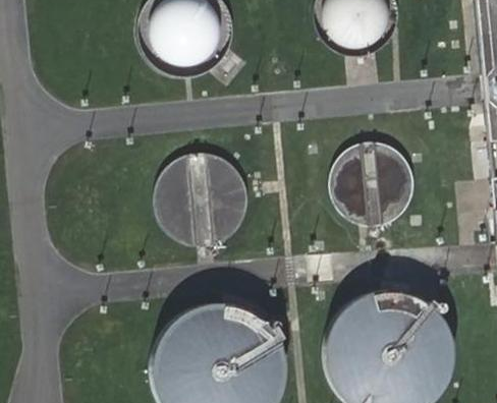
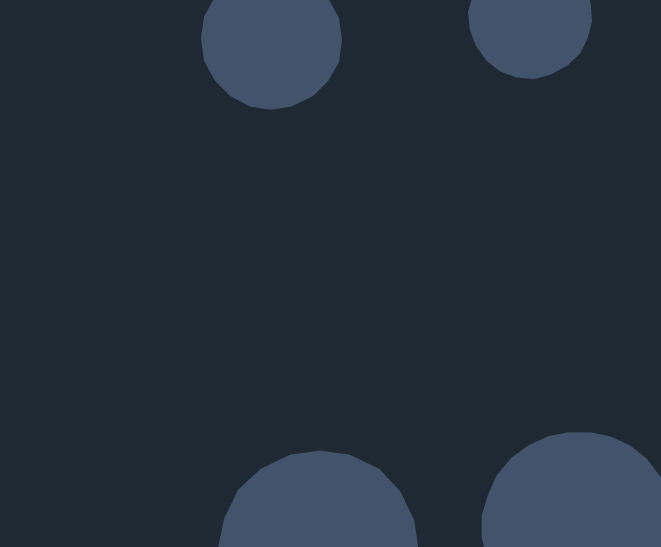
building: [331,143,413,226] -> none
building: [154,153,250,247] -> none

